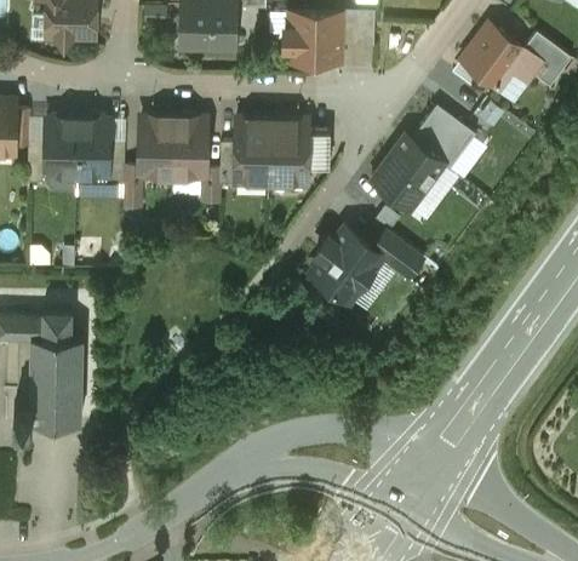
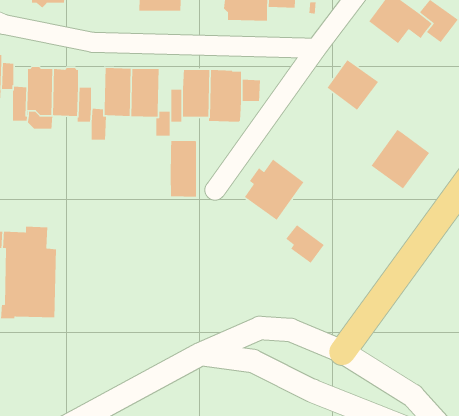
building: [371,137,443,211] -> [370,129,430,190]
building: none -> [170,135,197,197]
building: [374,231,423,280] -> [285,224,325,264]

